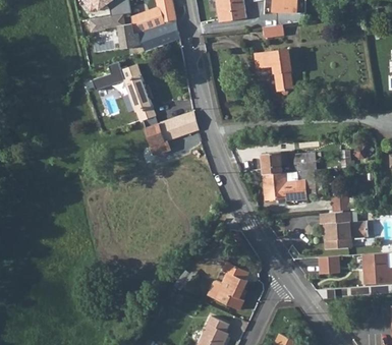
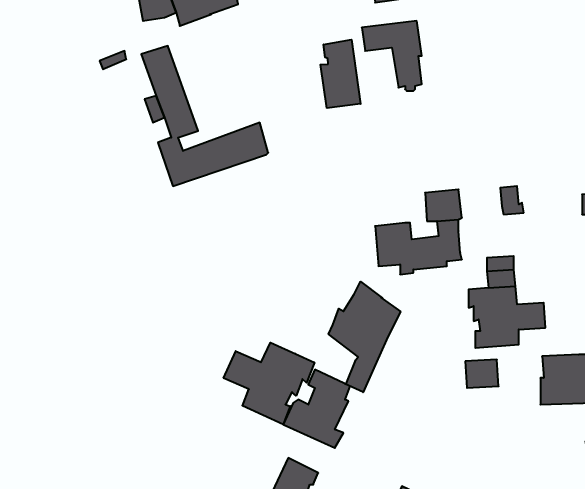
building: none -> [320,40,361,108]
building: [261,152,281,174] -> none
building: none -> [329,282,400,392]
building: none -> [224,343,314,425]

